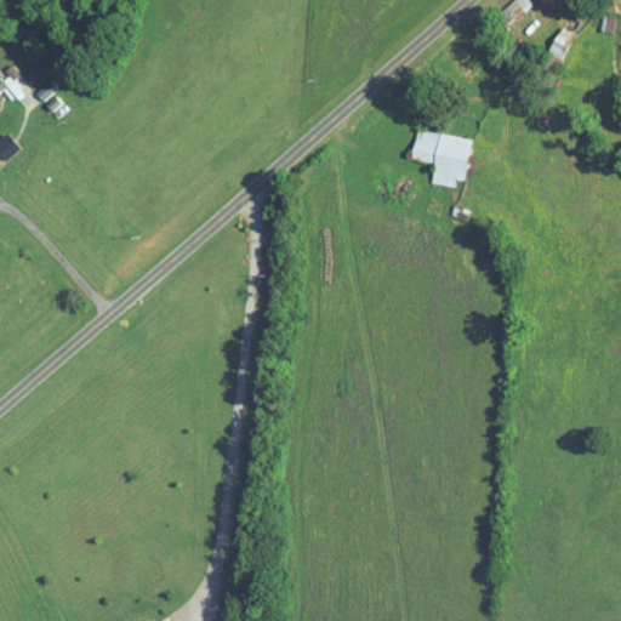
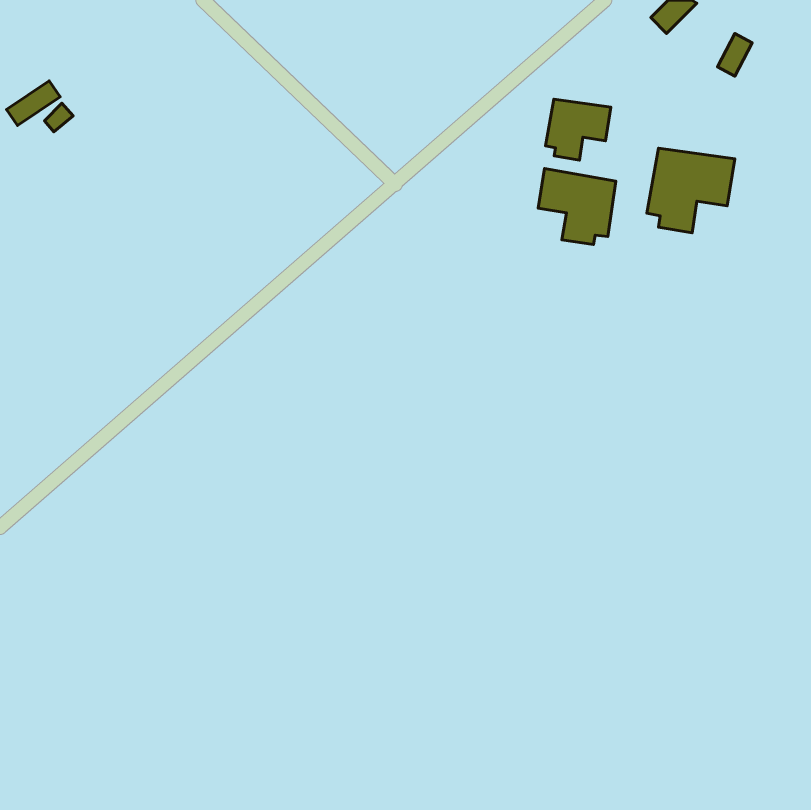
building: none -> [546,99,611,160]
building: none -> [647,148,735,233]

